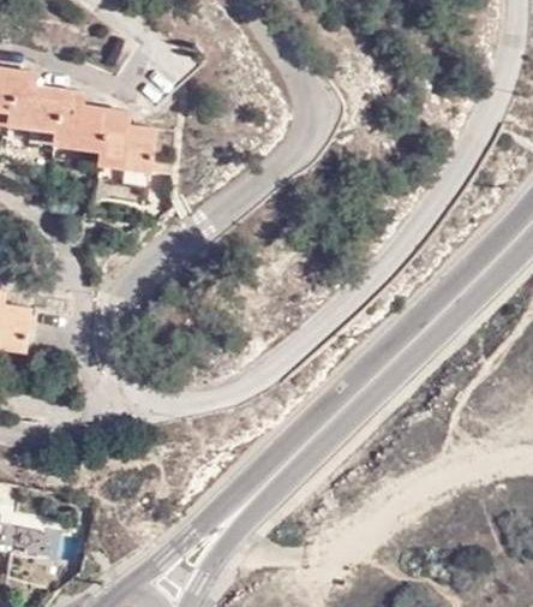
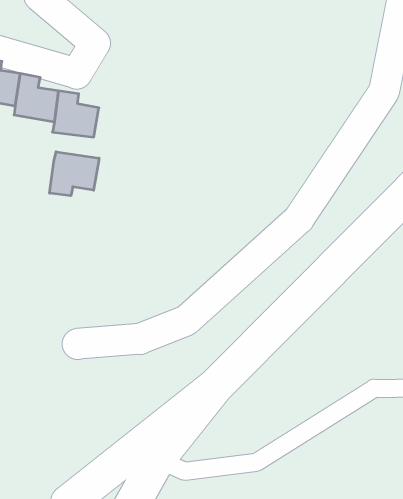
building: none -> [50,152,99,196]

